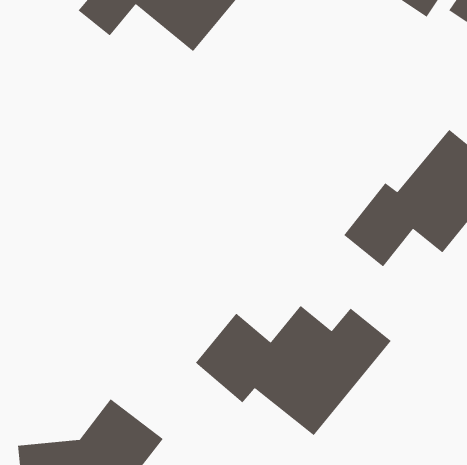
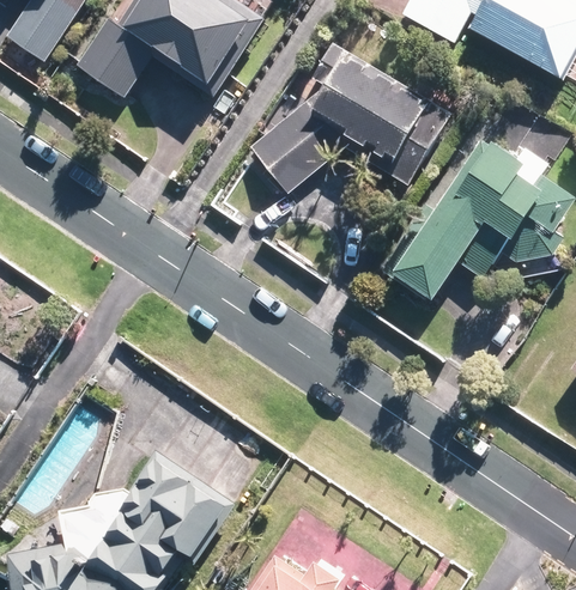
building: none -> [256,55,447,185]
building: [195,305,392,436] -> none

